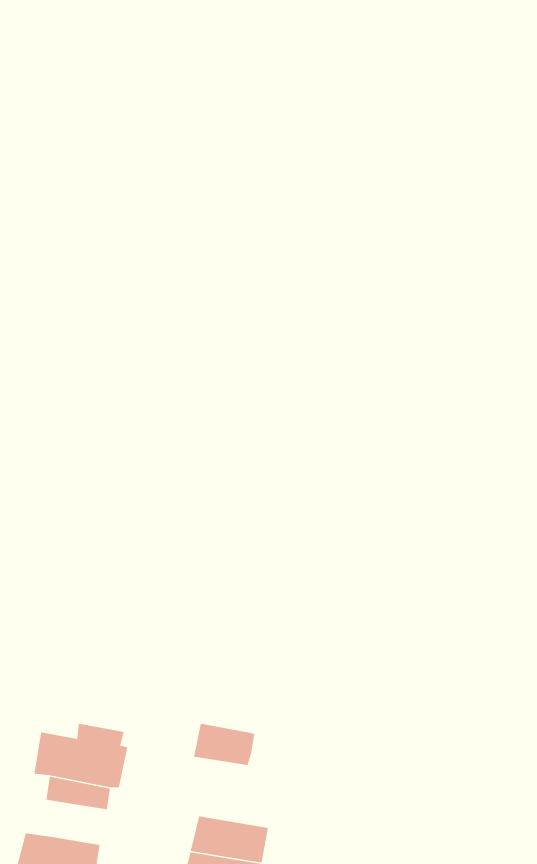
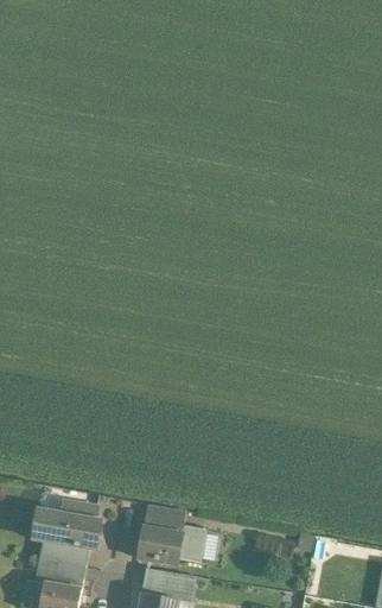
building: none -> [138,528,205,568]
building: none -> [44,562,83,591]

